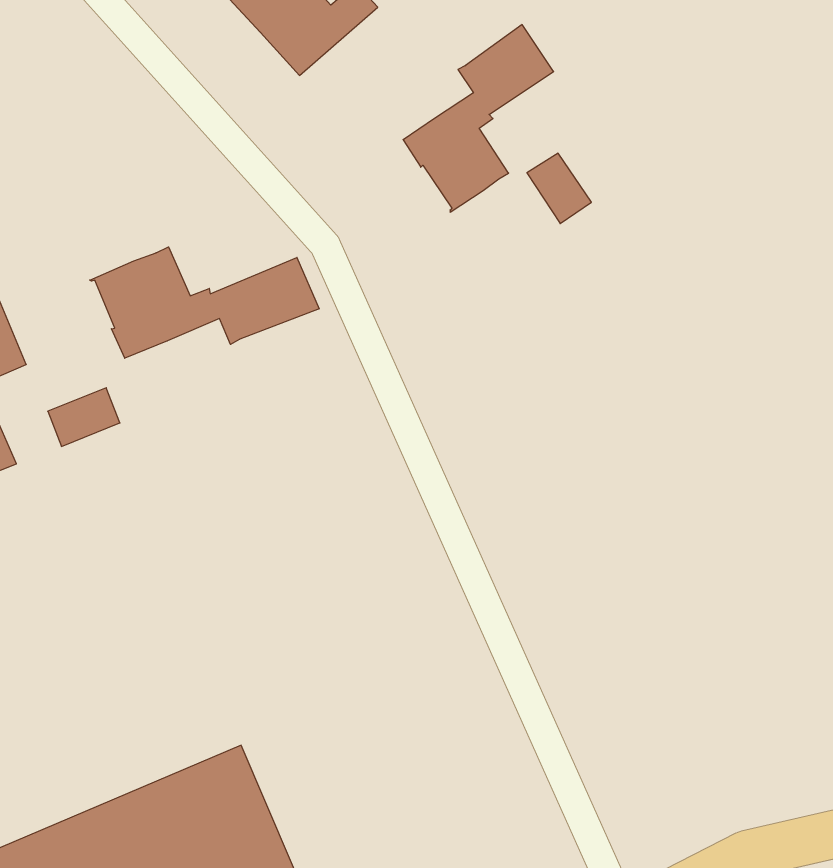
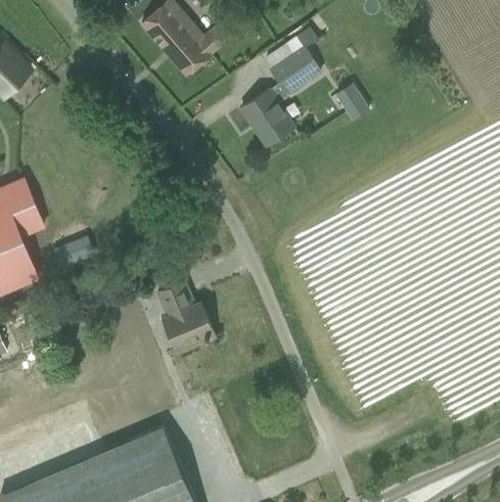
building: [527,153,591,224] -> [335,85,369,122]
building: [90,247,319,358] -> none
building: none -> [157,281,216,353]

